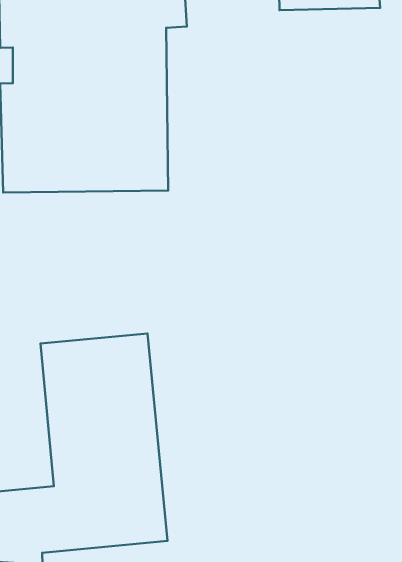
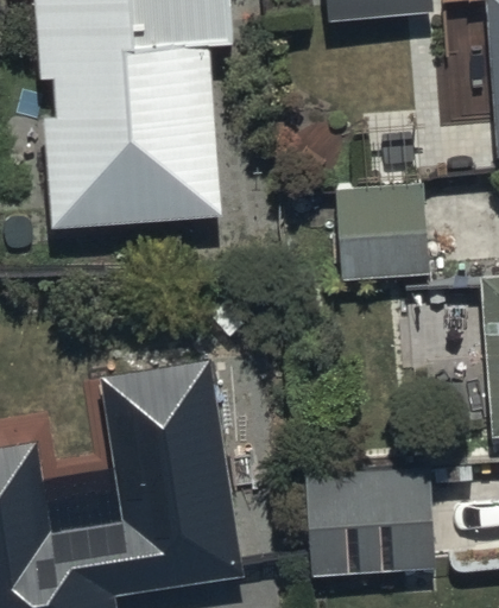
building: none -> [335,179,428,274]
building: none -> [305,461,438,577]

